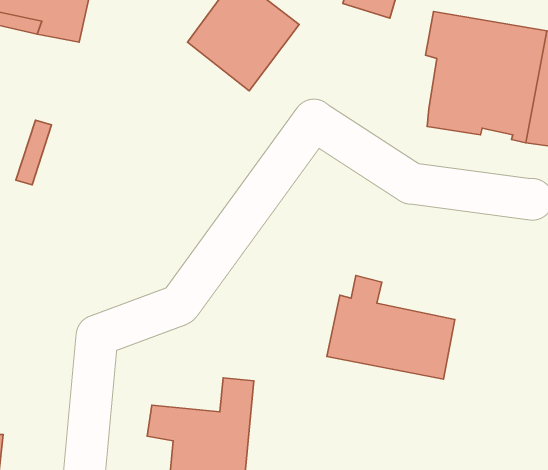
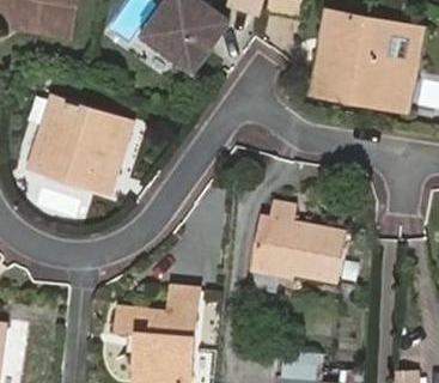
building: none -> [47,102,148,194]

